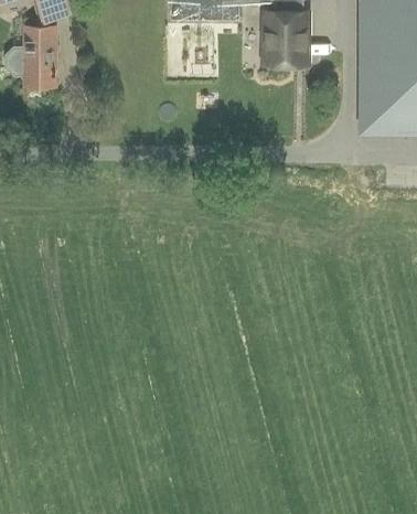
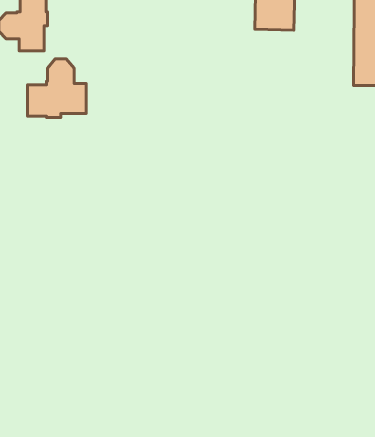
building: none -> [28,59,86,117]

